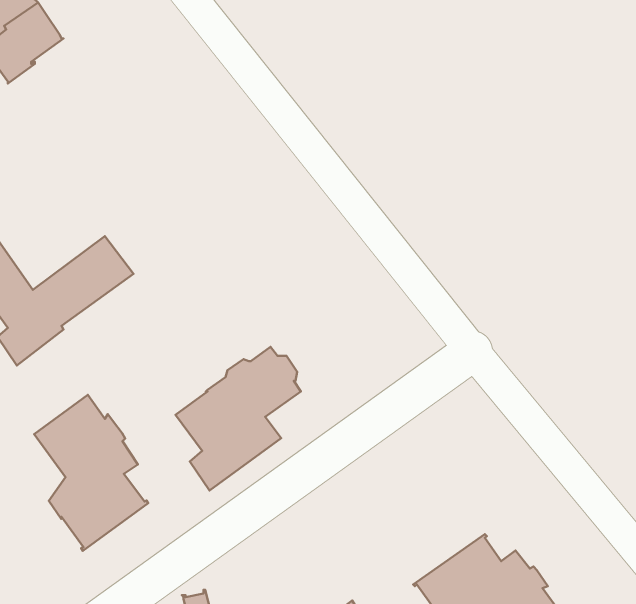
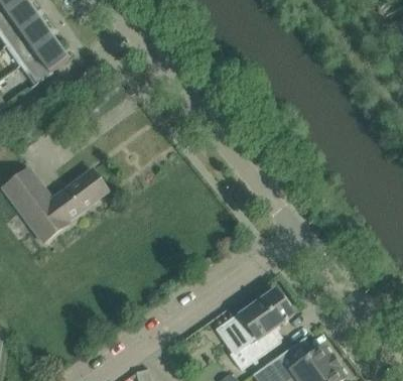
building: [175,347,301,490] -> [222,289,292,370]
building: [34,395,148,551] -> none

